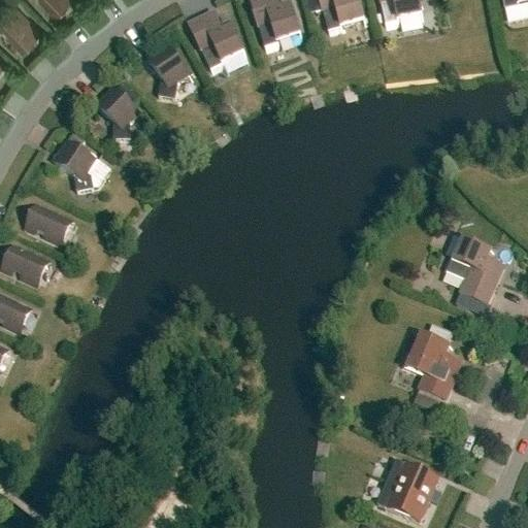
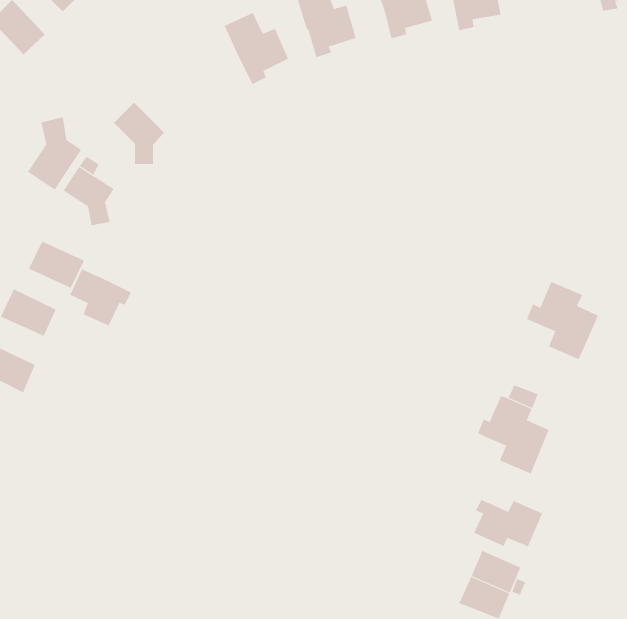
building: [146,43,188,98] -> none
building: none -> [27,116,82,191]
building: none -> [70,268,132,326]
building: none -> [473,499,543,547]

